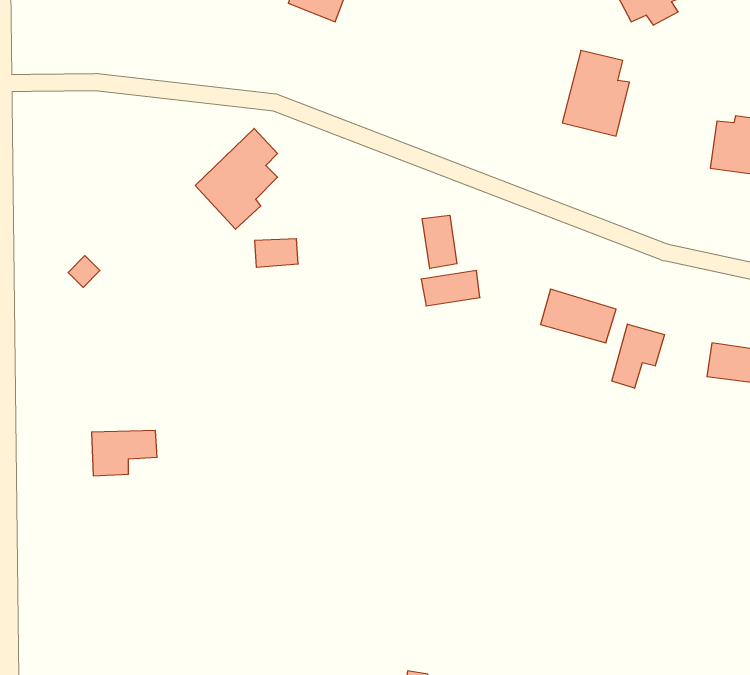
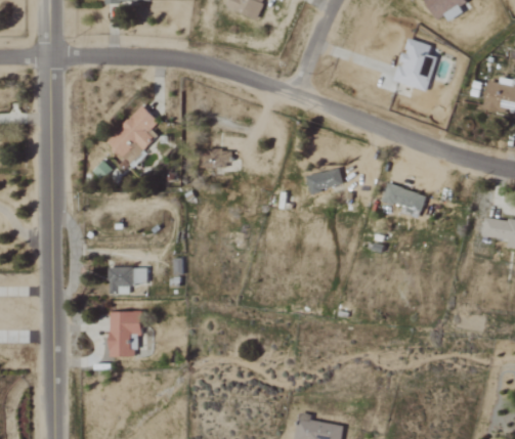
building: [195,128,278,229] -> [108,106,158,168]
building: [422,215,457,269] -> none
building: [612,324,664,388] -> none
building: none -> [109,312,142,357]

